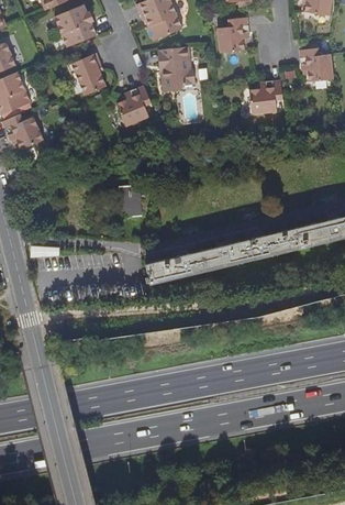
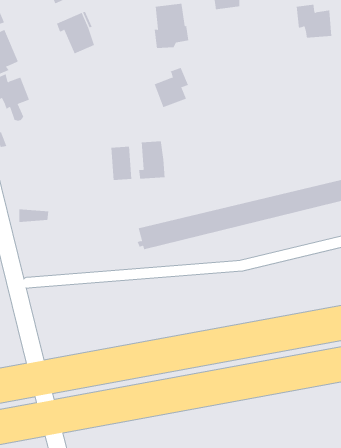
building: [251,81,283,114] -> none
building: [118,86,152,125] -> [154,67,189,108]
building: none -> [139,141,165,179]

